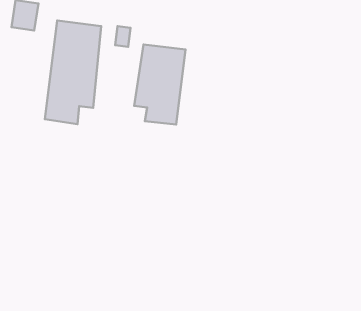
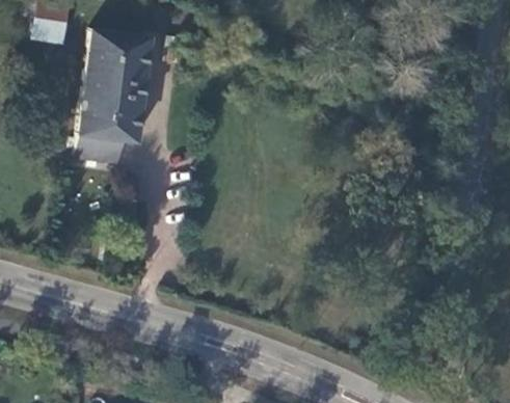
building: [134,45,185,124] -> none

